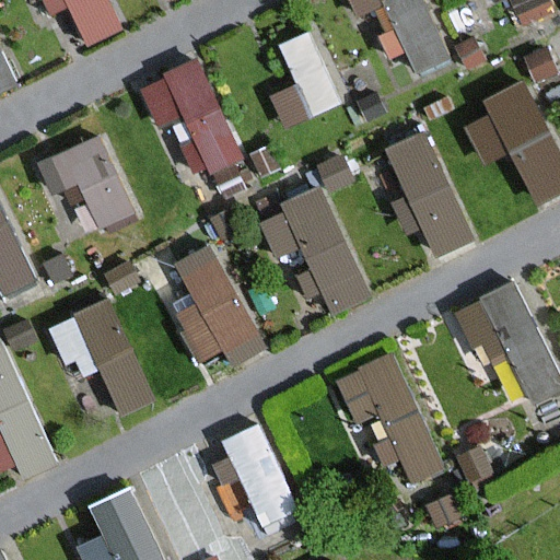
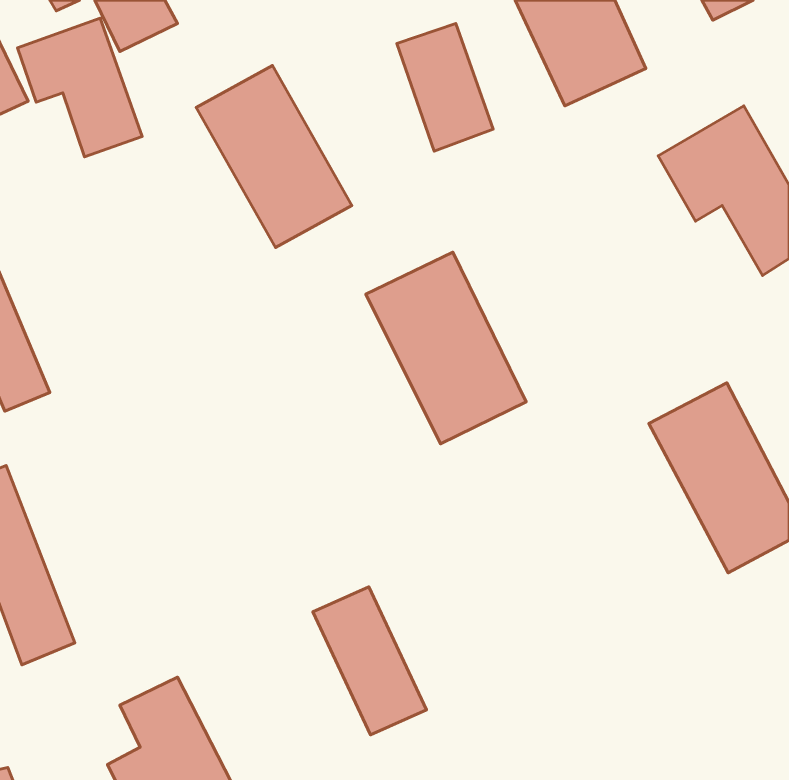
building: [375,128,475,260] -> none
building: [49,132,137,230] -> [18,18,142,157]
building: [163,240,260,366] -> none
building: [46,299,153,417] -> none
building: [329,351,448,485] -> none

